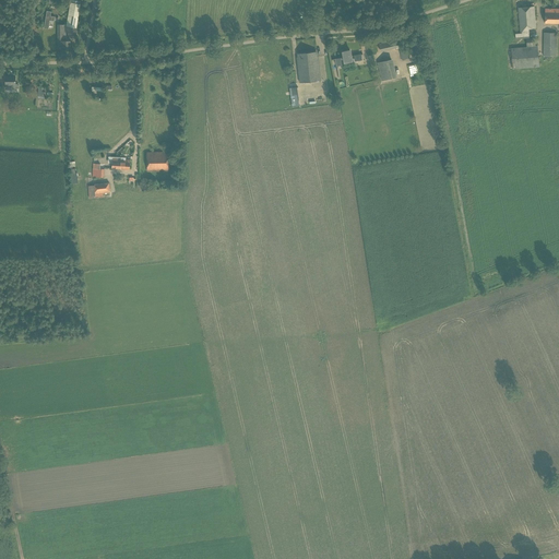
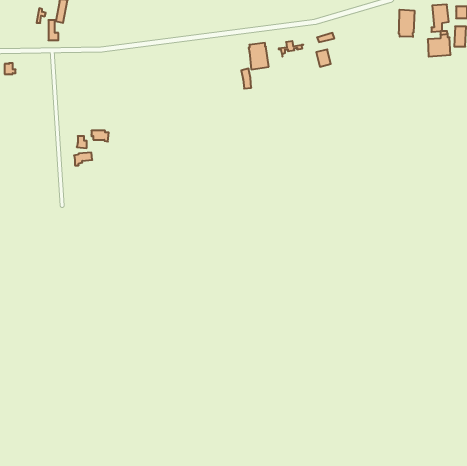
building: none -> [399,10,414,37]
building: [146,151,173,170] -> none

